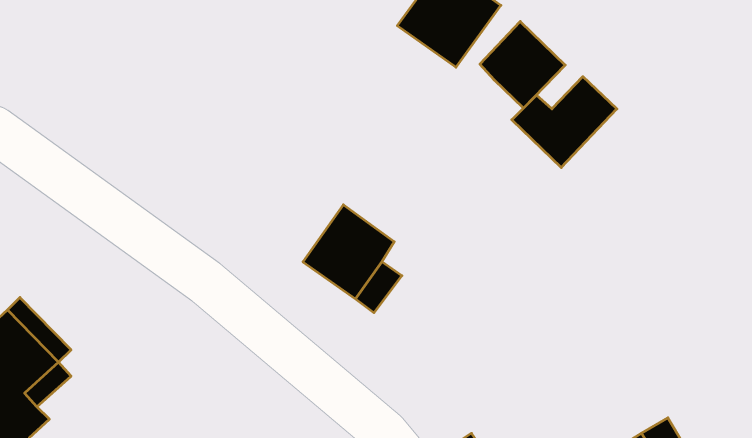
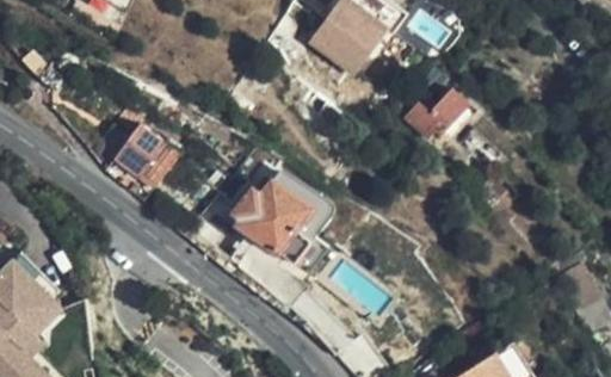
building: [480,21,565,108] -> none
building: none -> [113,120,180,186]

